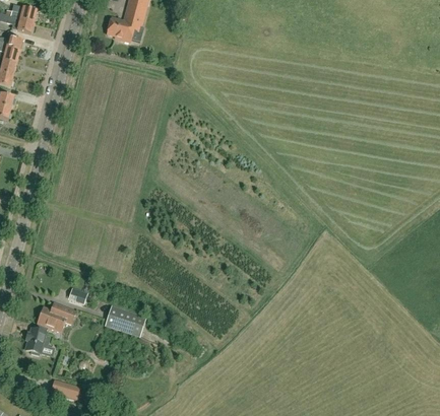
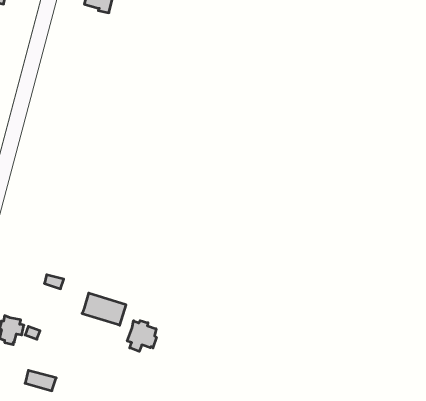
building: [37,303,76,332] -> none
building: none -> [127,321,156,351]

